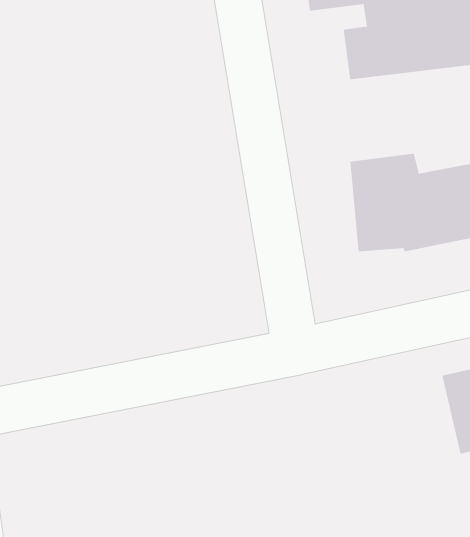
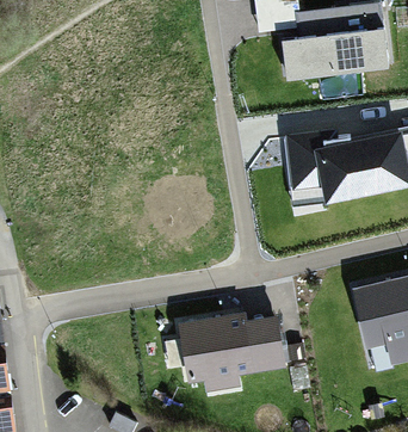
building: none -> [178,314,283,390]

